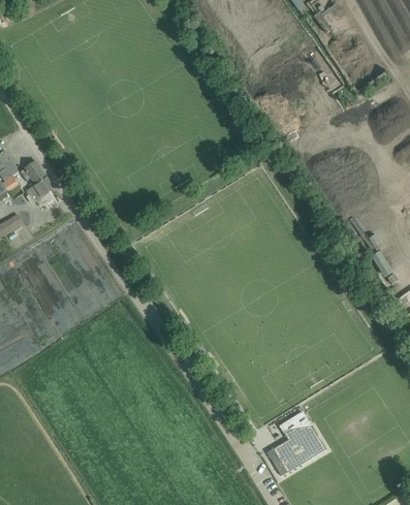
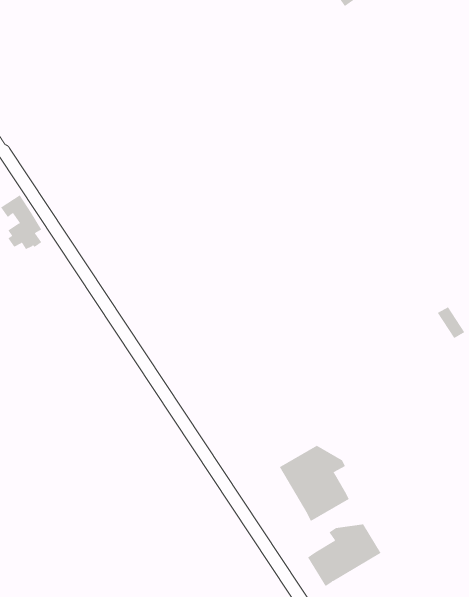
building: none -> [278,445,349,522]

